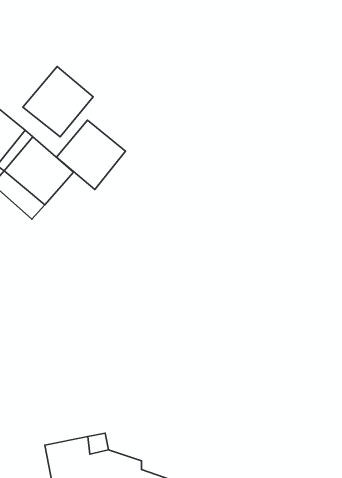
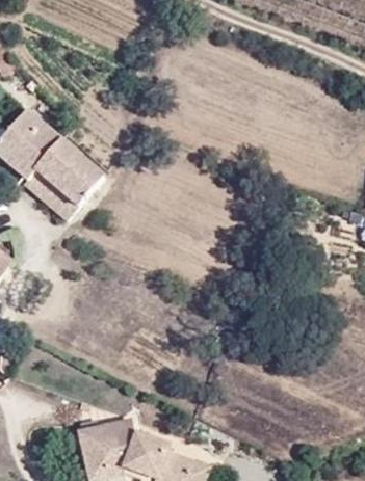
building: [23,66,93,137] -> none
building: [56,120,126,189] -> none

